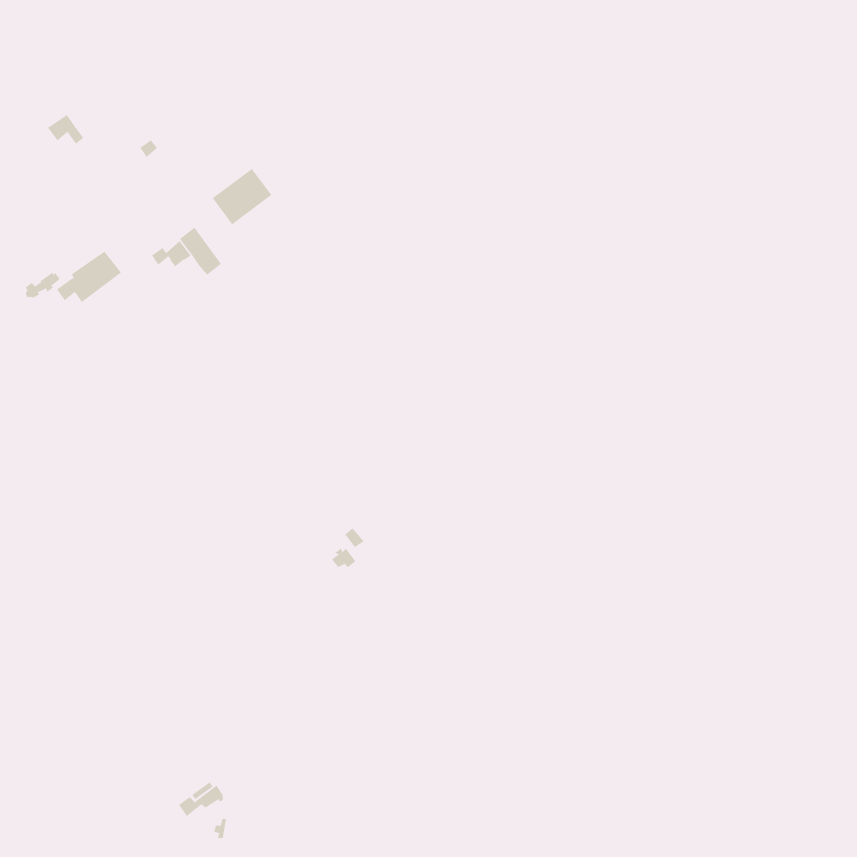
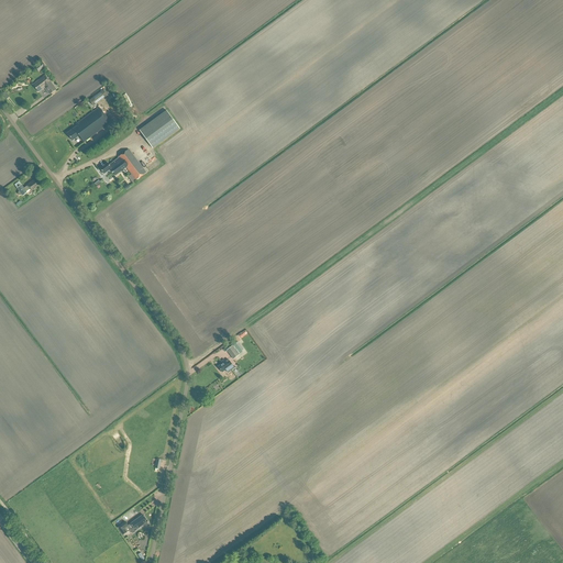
building: [56,251,122,303] -> [66,108,109,142]

